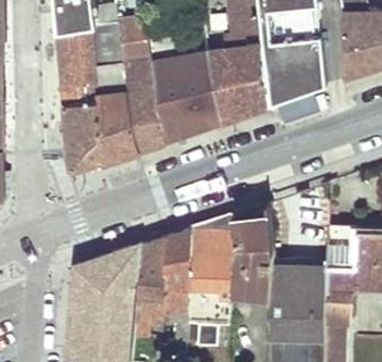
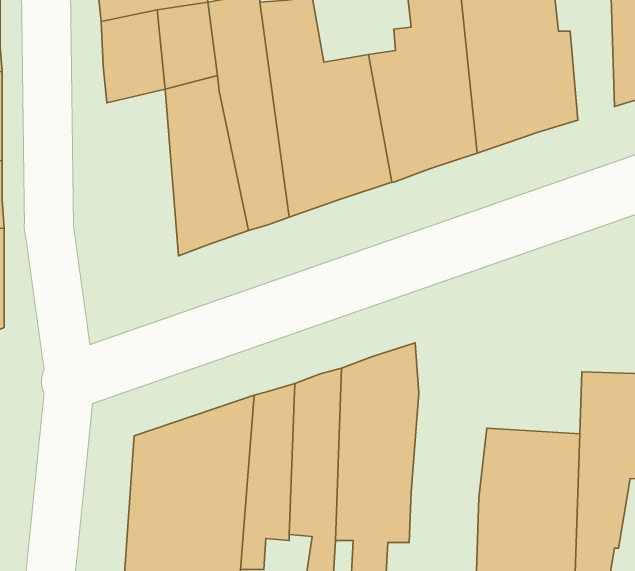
building: [61,72,101,174] -> none
building: [232,202,274,301] -> none

